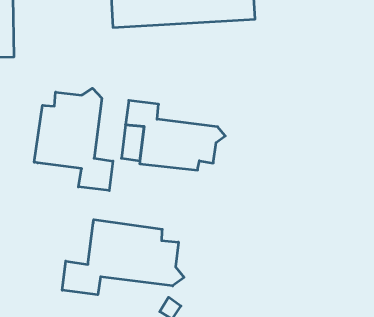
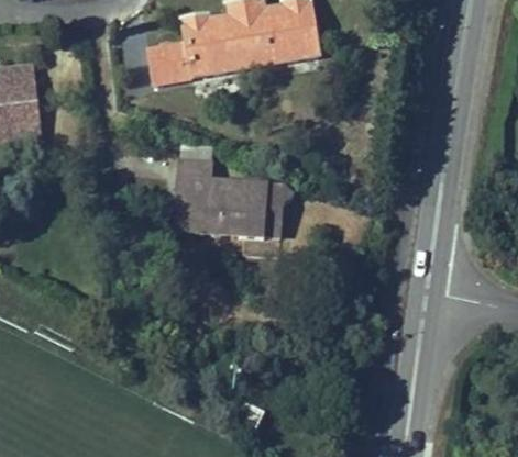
building: [34,88,113,191] -> none
building: [62,220,184,295] -> none

